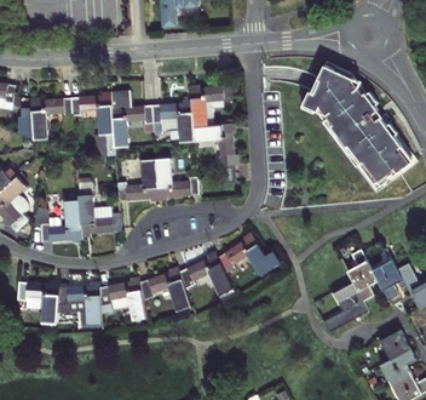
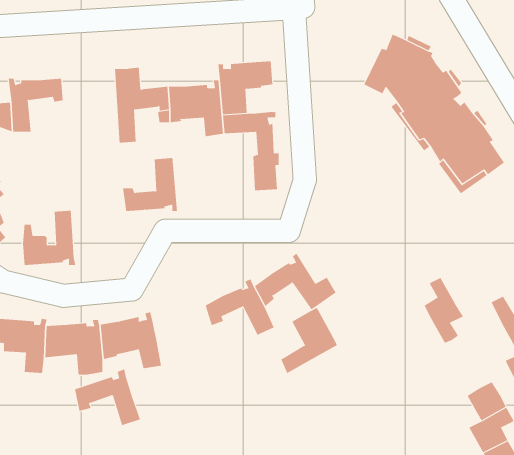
building: [70,92,115,156] -> none
building: [155,160,197,201] -> none
building: [77,183,121,236] -> none
building: [370,261,402,302] -> none
building: [139,267,190,310] -> [74,369,141,426]
building: [323,282,367,333] -> [281,307,338,374]

